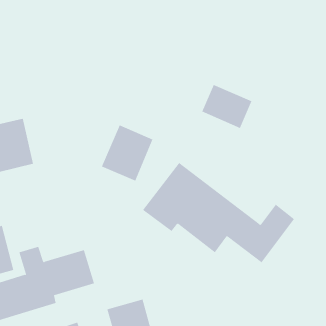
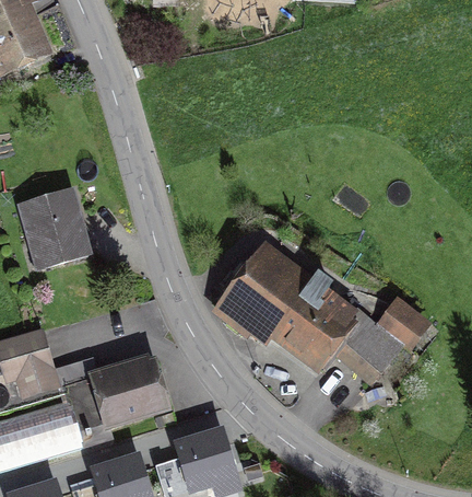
building: [201,84,252,129] -> none
building: [101,124,153,182] -> none

